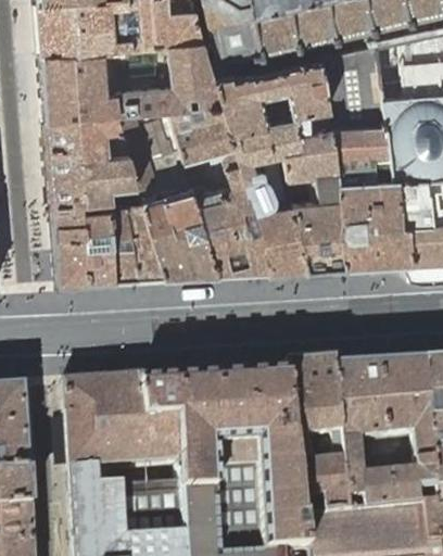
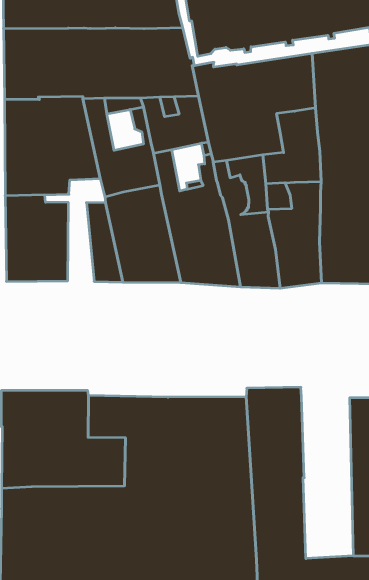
building: [111,205,139,278] -> none
building: [333,366,390,514] -> none

